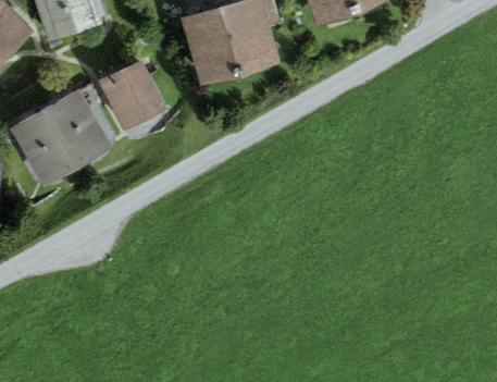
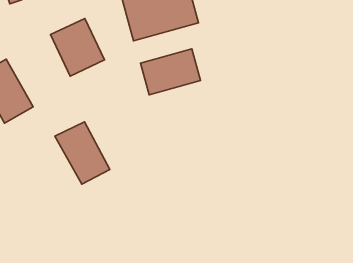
building: [46,91,112,167] -> [55,122,110,184]
building: none -> [140,49,201,95]

